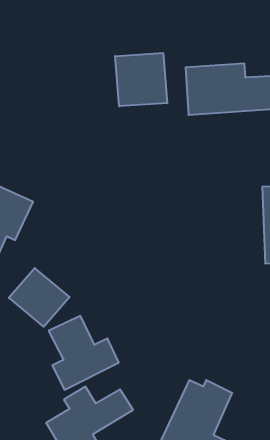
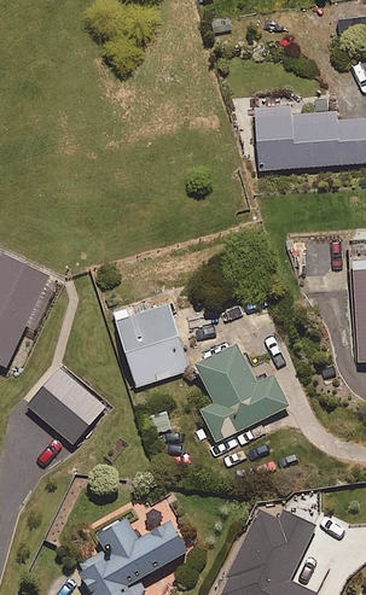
building: [115,53,167,106] -> none
building: none -> [115,304,187,385]
building: [49,316,119,390] -> [196,346,286,442]

